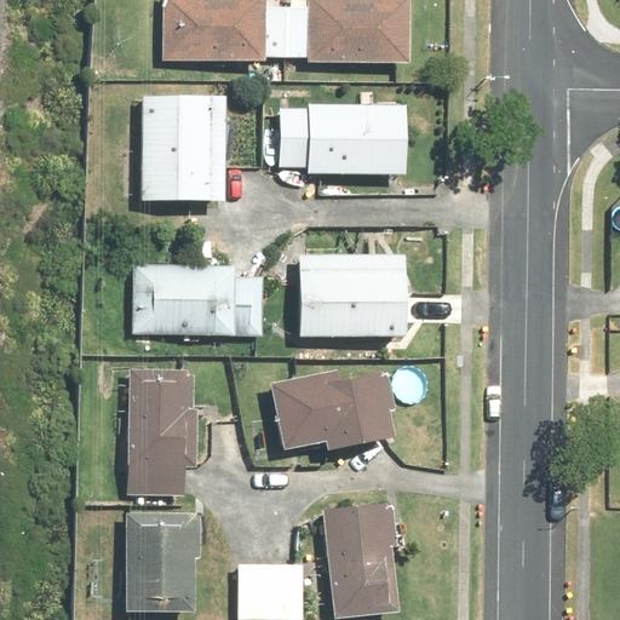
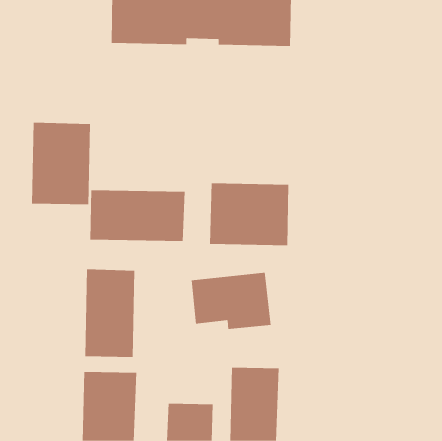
building: [142,90,224,203] -> [31,122,91,205]
building: [279,103,404,176] -> none

